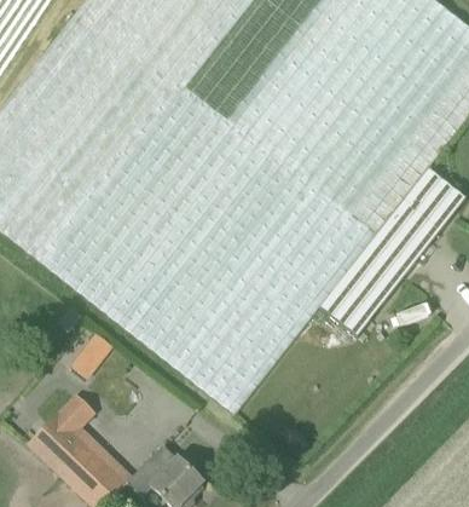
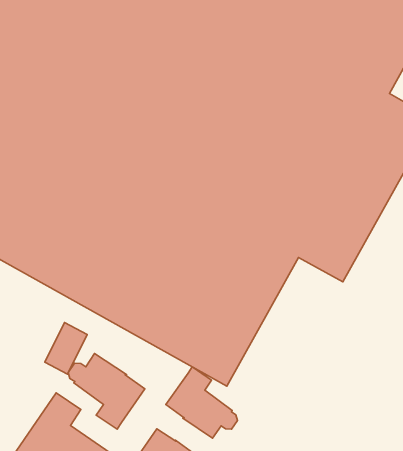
building: none -> [68,353,145,429]
building: none -> [166,367,238,438]

